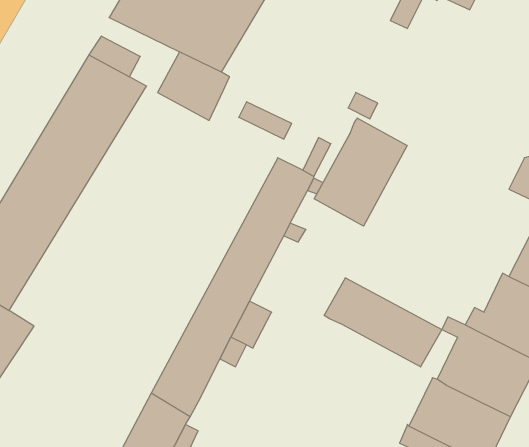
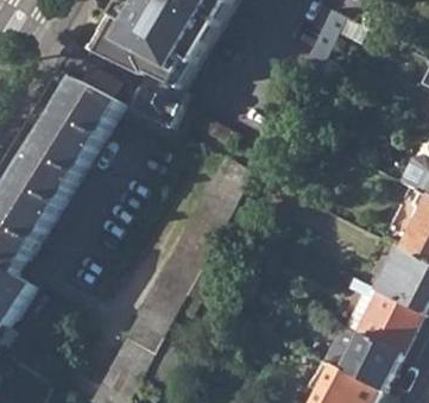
building: [314,118,407,226] -> none
building: [324,278,442,367] -> none

